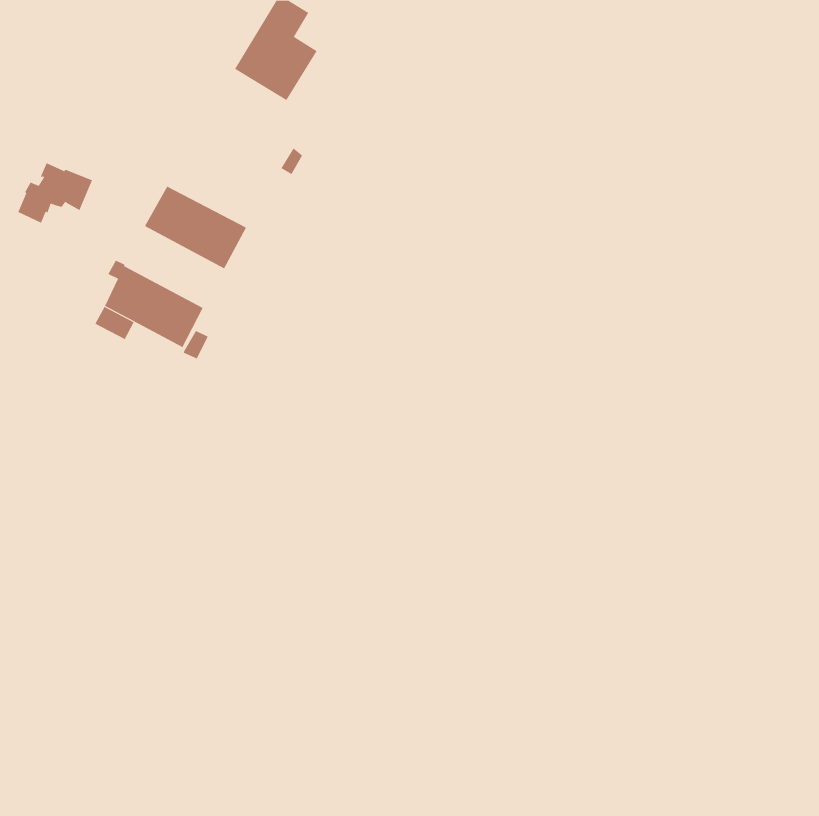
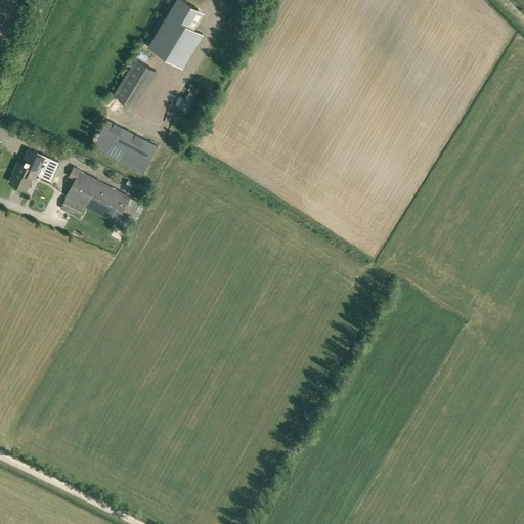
building: none -> [114,59,156,106]
building: [17,163,93,224] -> [10,151,58,190]

